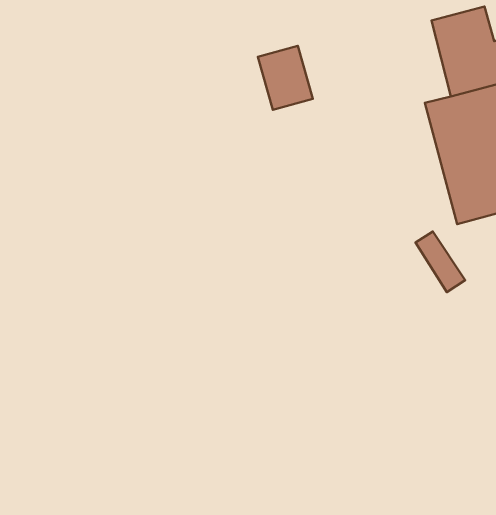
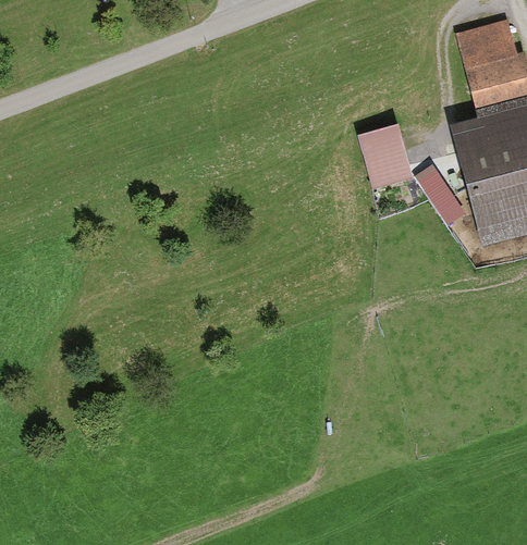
building: [258,46,313,110] -> [357,126,413,190]
building: [415,232,465,292] -> [417,168,467,228]

